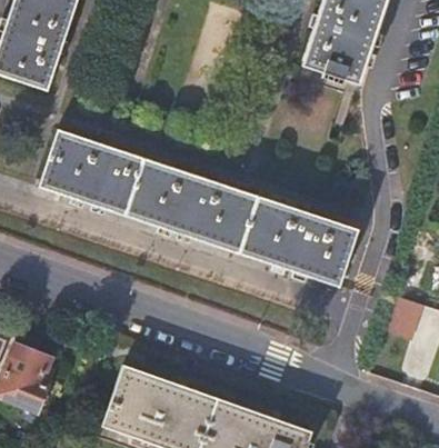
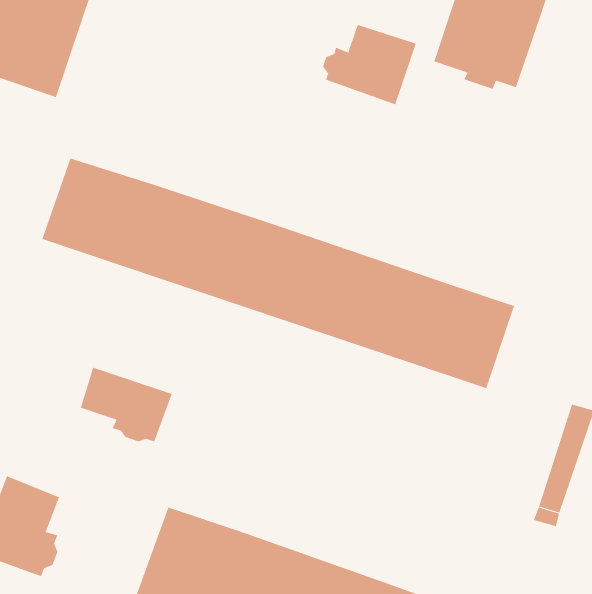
building: none -> [322,24,416,105]
building: none -> [80,367,172,442]

